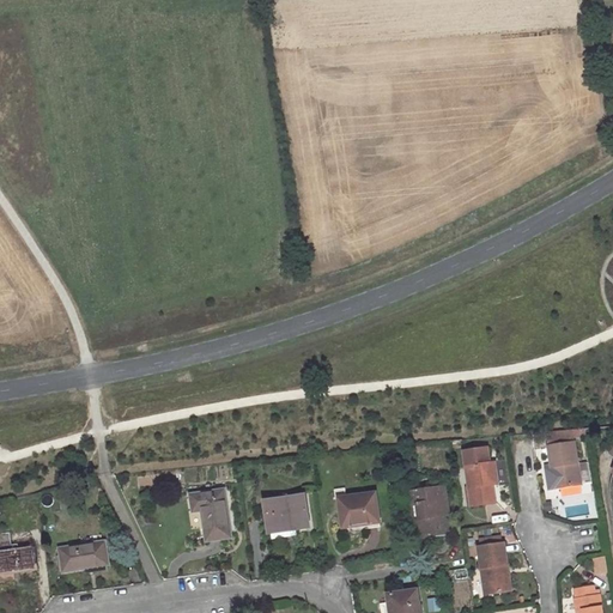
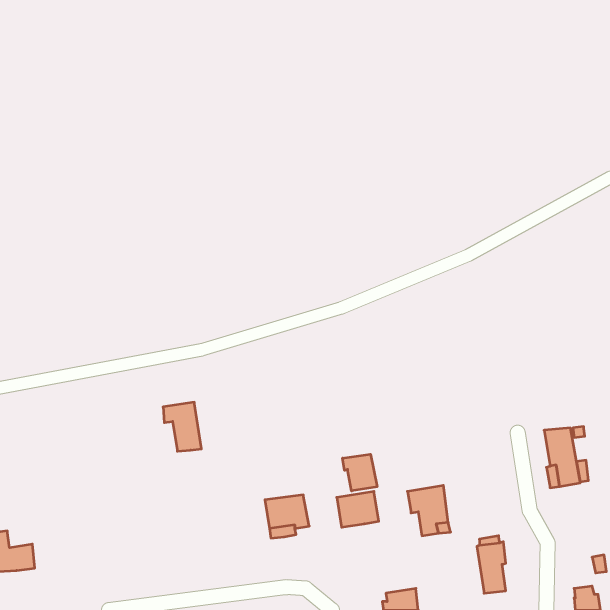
building: [462,447,493,504] -> none
building: none -> [343,454,377,491]
building: [190,488,229,538] -> [163,402,201,451]
building: [59,541,107,571] -> none

